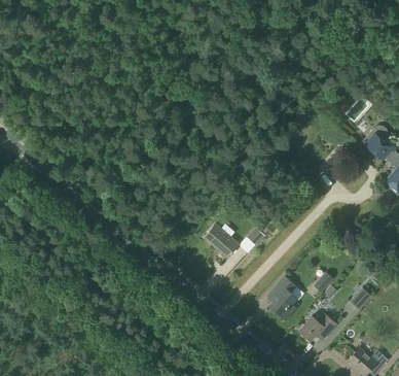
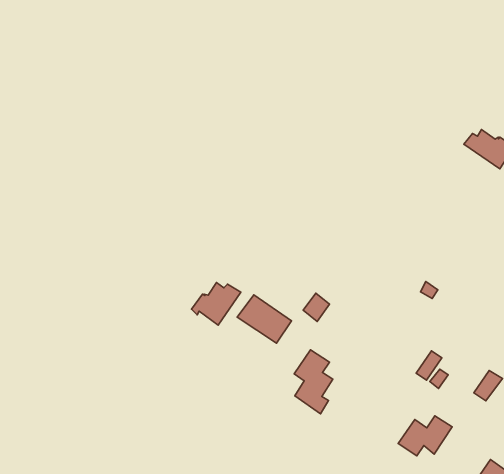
building: none -> [192,282,241,325]
building: [270,276,296,318] -> [294,350,333,414]

